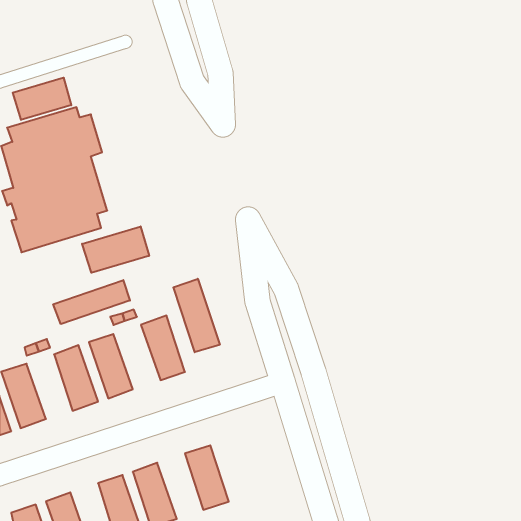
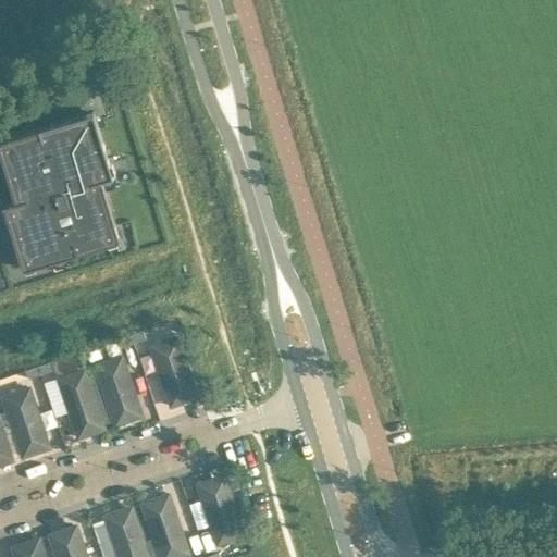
building: [13,78,71,120] -> none
building: [82,226,149,273] -> none
building: [173,279,220,352] -> none
building: [53,280,130,324] -> none

